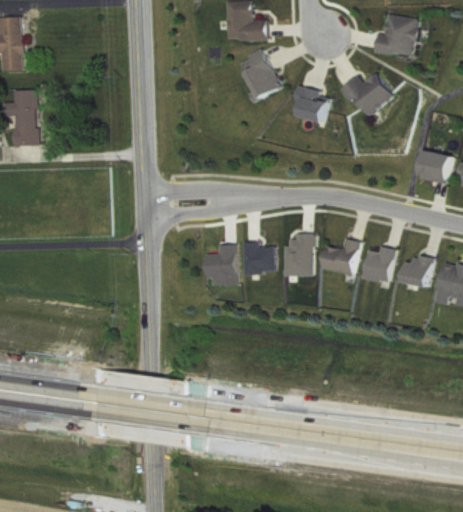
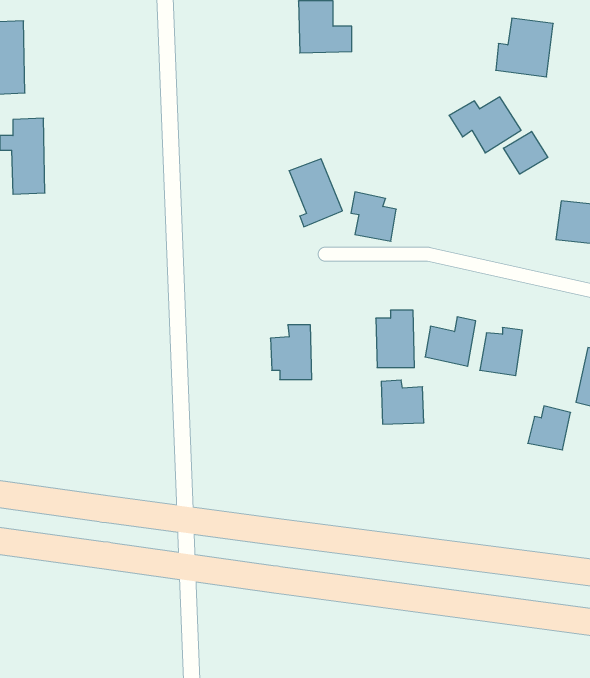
building: [239,50,279,101] -> [289,159,342,227]
building: [293,85,327,122] -> [351,192,396,241]
building: none -> [503,131,548,174]
building: [242,241,274,274] -> [381,380,424,424]
building: [401,254,433,287] -> [528,406,571,450]

